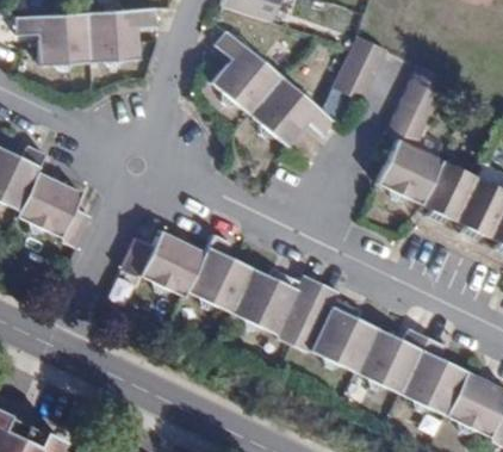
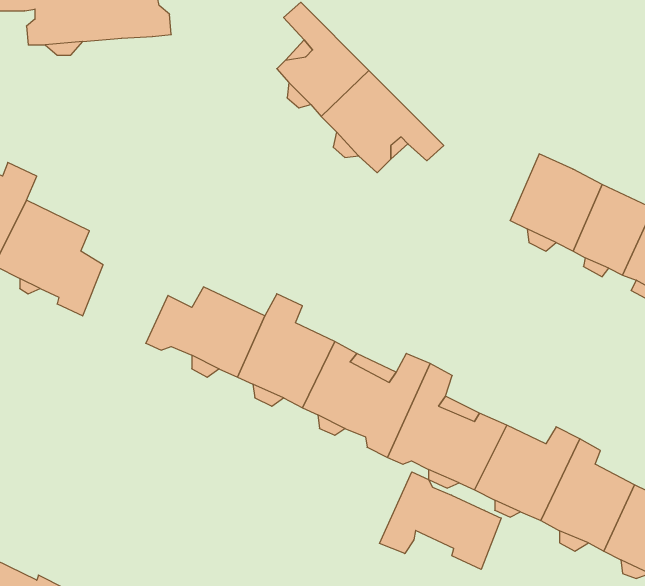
building: [335,39,387,104] -> none
building: [387,68,449,147] -> none
building: none -> [379,472,501,569]

